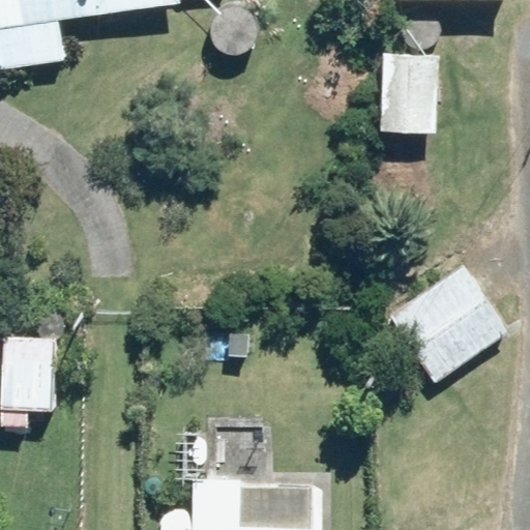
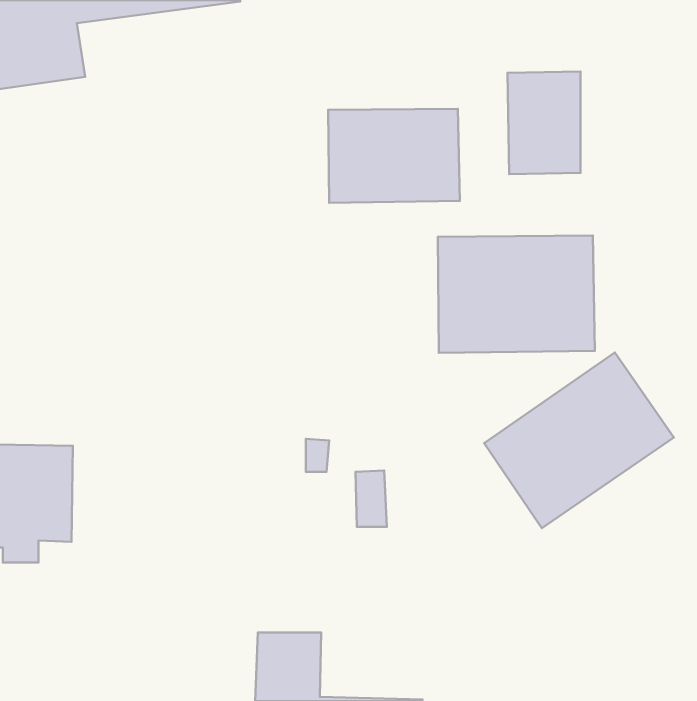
building: none -> [328,109,460,203]
building: none -> [438,235,595,353]

